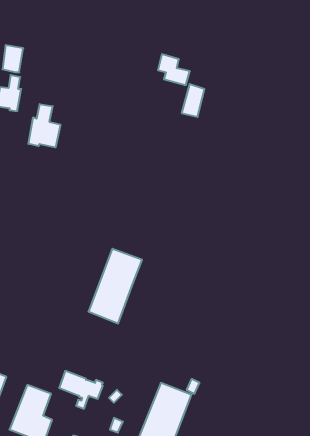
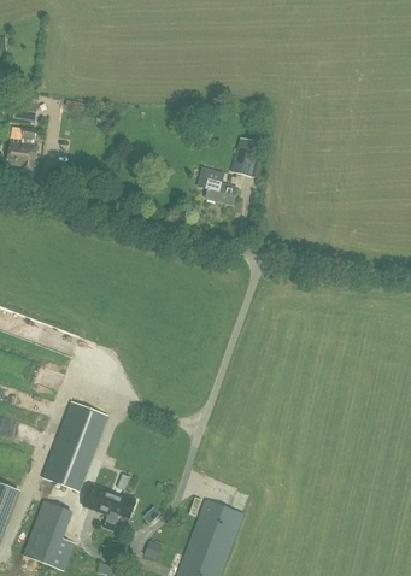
building: [158,54,190,85] -> [198,167,236,205]
building: [28,104,60,147] -> none
building: [88,249,142,323] -> [42,401,107,492]

